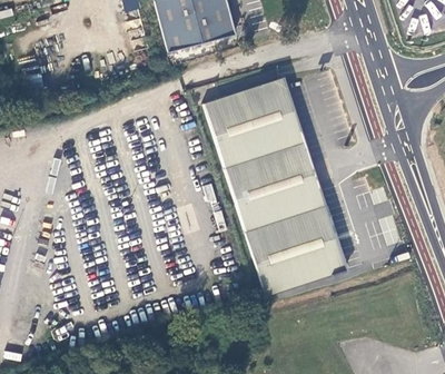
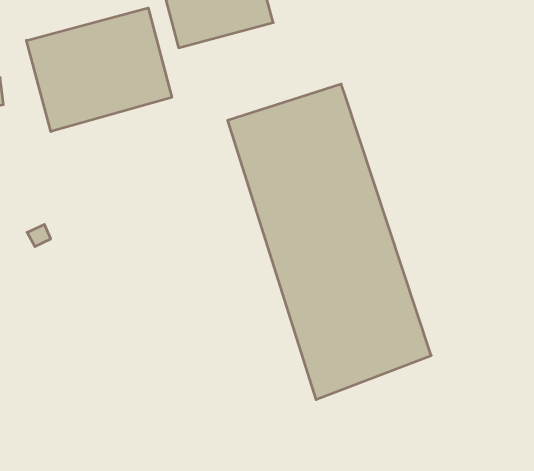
building: none -> [26,8,172,132]

